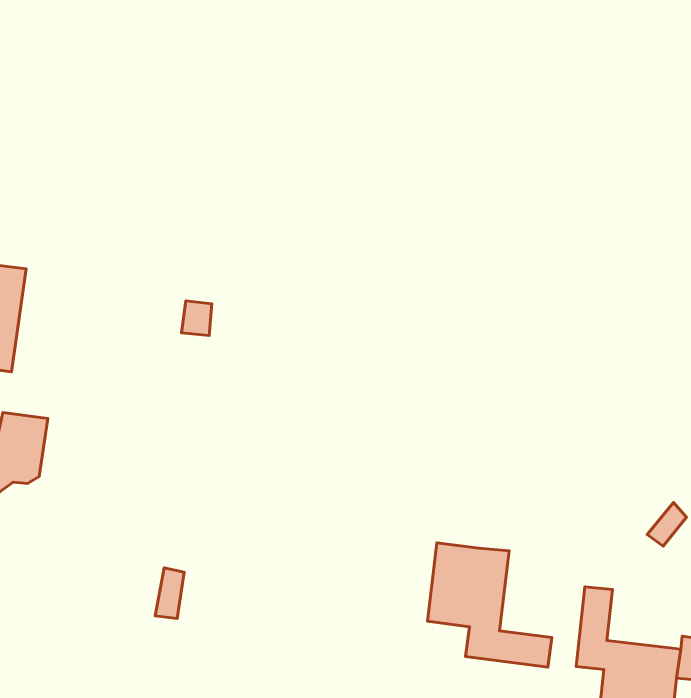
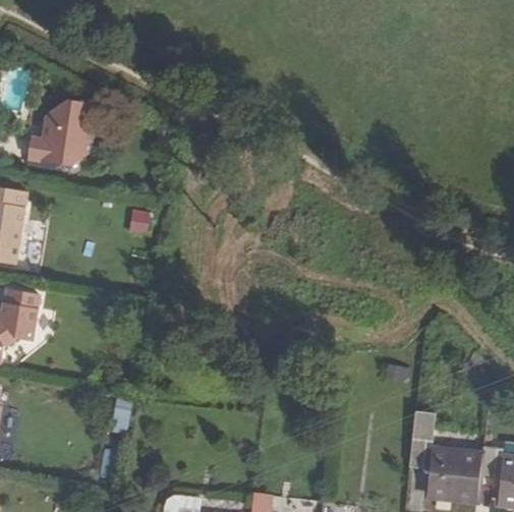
building: none -> [24,100,97,165]
building: [428,543,552,667] -> none

